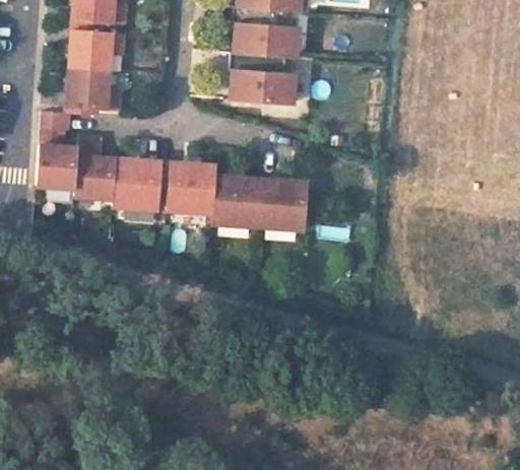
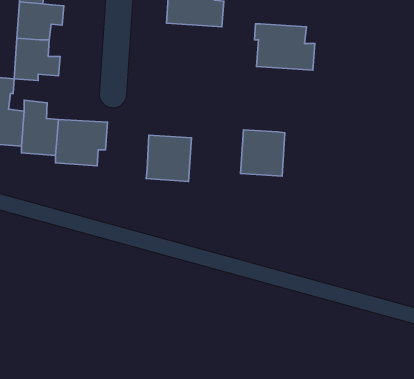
building: [229,53,295,104] -> [255,24,315,70]
building: [167,161,216,213] -> none
building: [259,179,308,229] -> [241,130,285,176]

